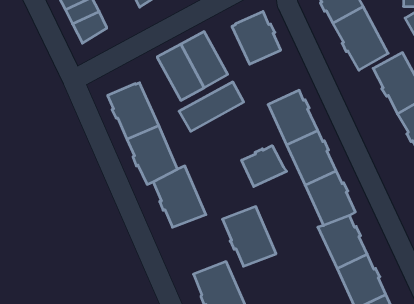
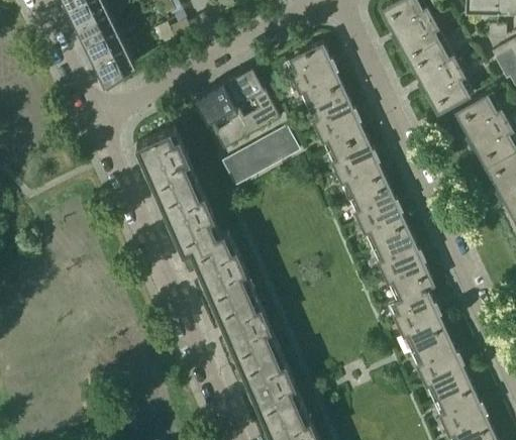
building: none -> [307,91,367,156]
building: [242,146,287,187] -> none
building: [222,207,276,266] -> [214,289,279,360]

